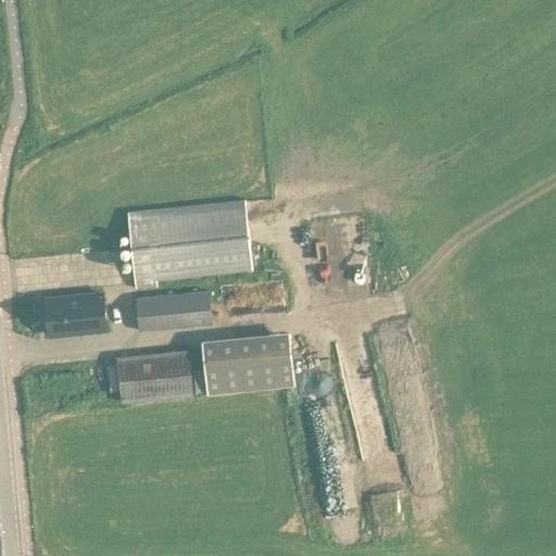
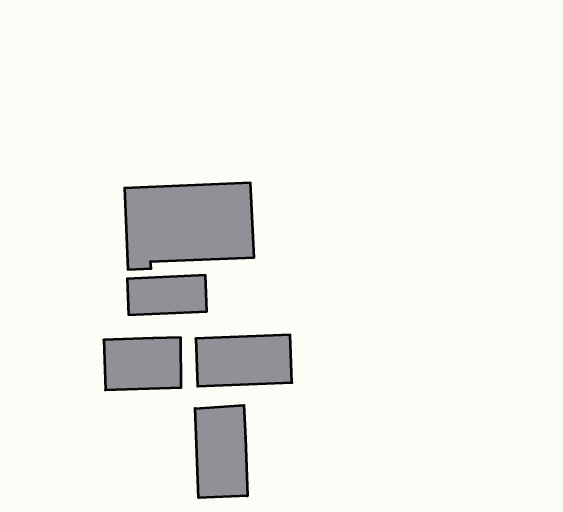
building: [45,293,106,334] -> none
building: none -> [195,405,247,498]

